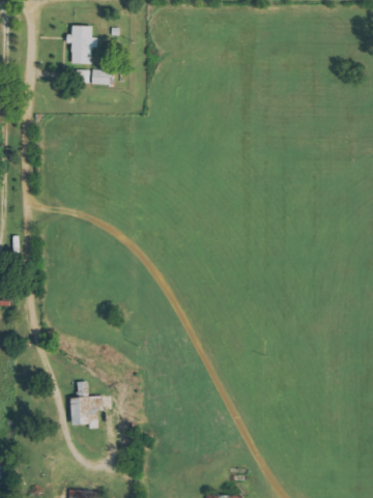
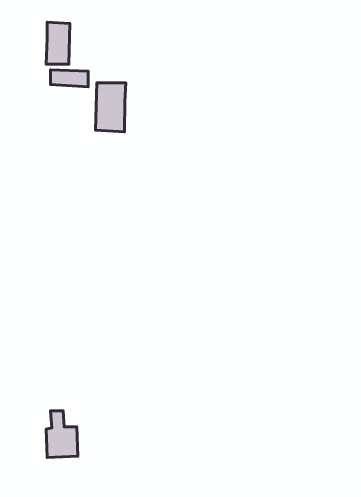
building: none -> [96,83,126,132]

